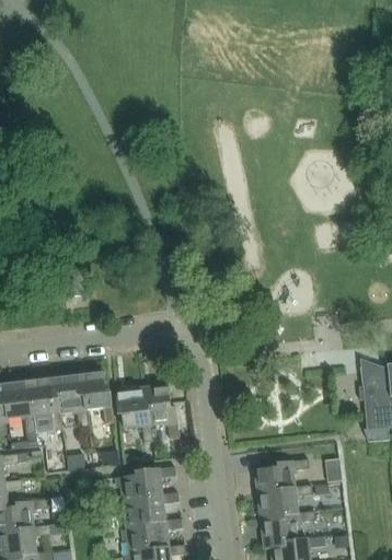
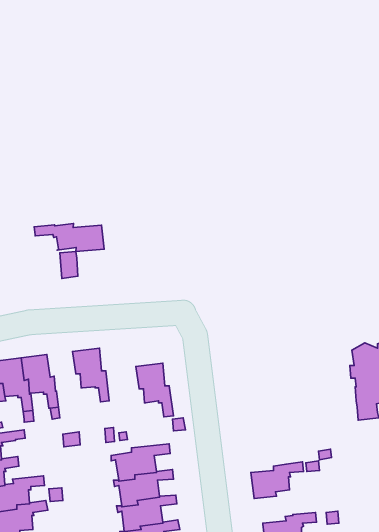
building: none -> [34,223,104,252]
building: [50,372,89,427] -> none
building: [115,387,153,442] -> none
building: [255,458,310,495] -> none
building: [262,511,315,549] -> none

